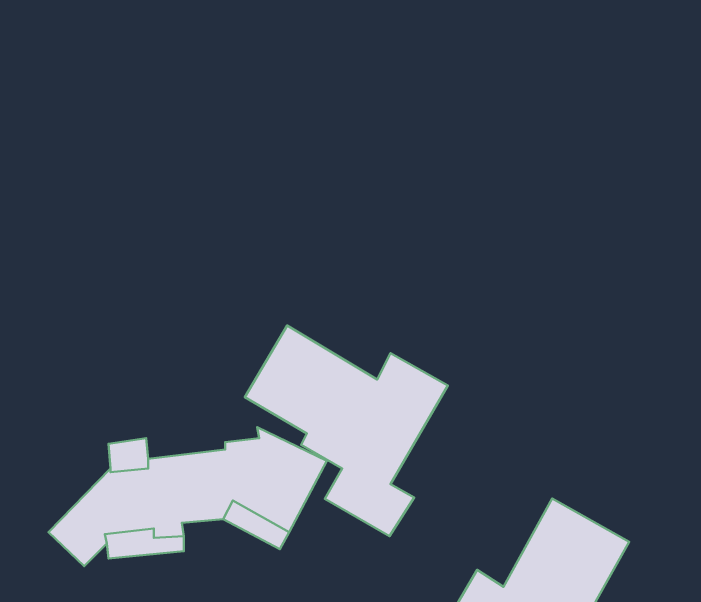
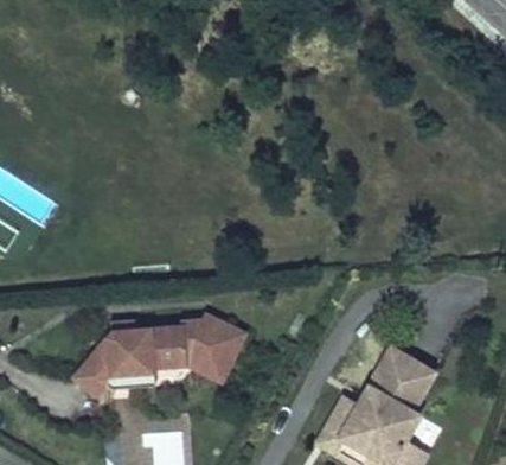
building: [245,326,448,536] -> none

